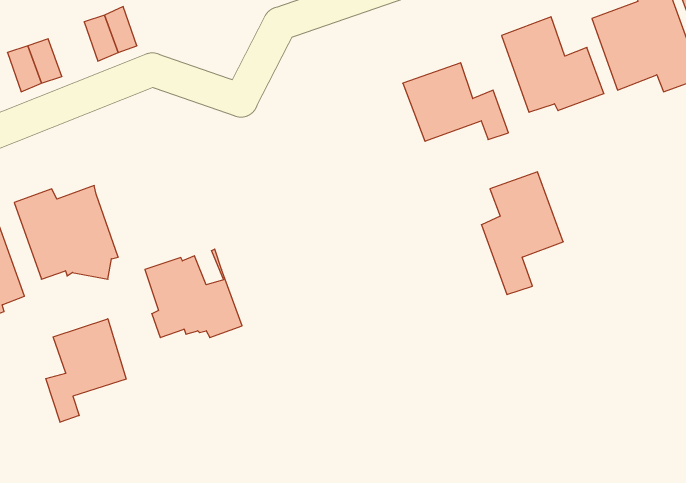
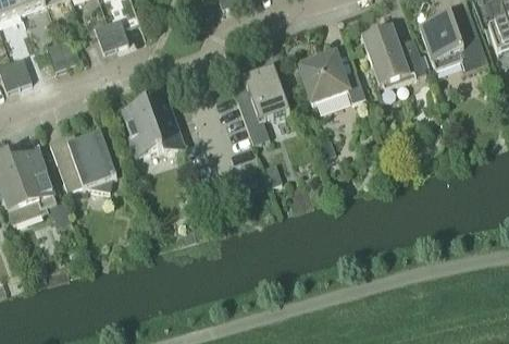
building: [481,172,563,295] -> [236,64,288,143]
building: [145,249,242,338] -> [122,96,184,152]
building: [46,319,126,422] -> none

